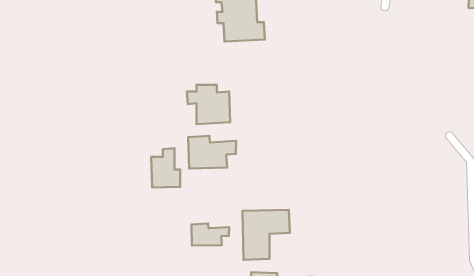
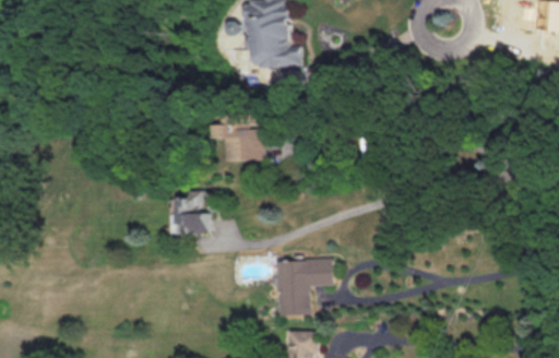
building: [188,136,236,169] -> none
building: [191,224,229,246] -> none

